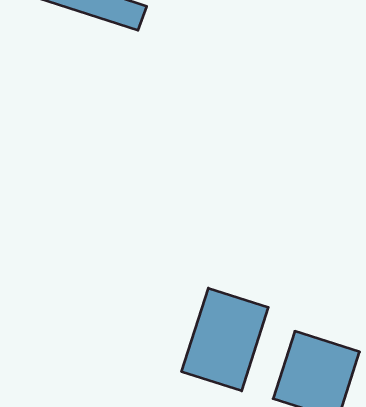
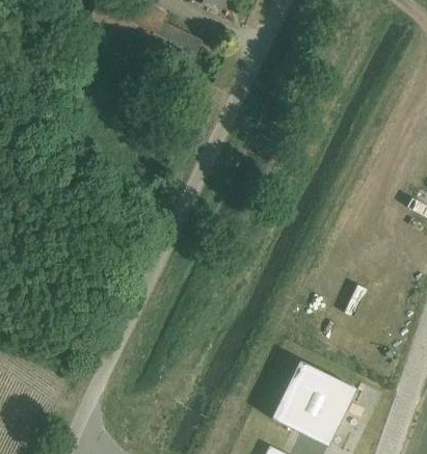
building: [182,288,268,391] -> none

